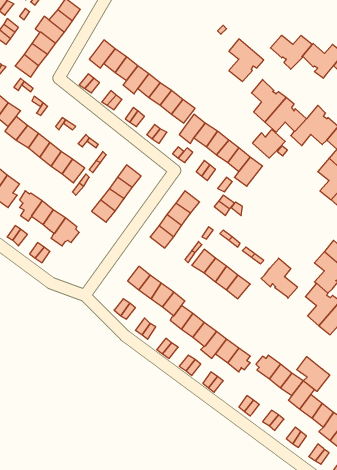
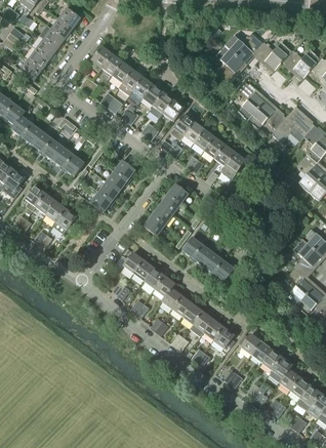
building: none -> [225,33,262,64]
building: [253,130,285,158] -> none
building: [261,258,297,298] -> none
building: [297,357,330,391] -> none

